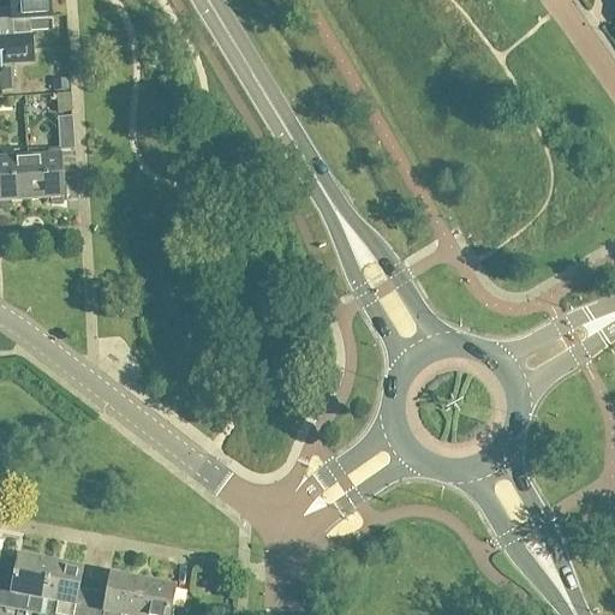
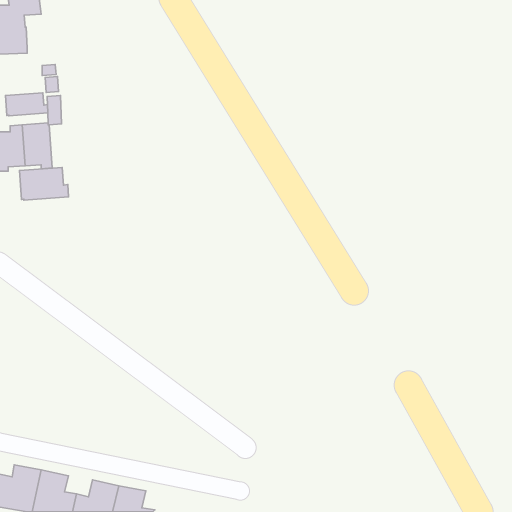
building: none -> [6,93,48,116]
building: none -> [20,167,68,200]

